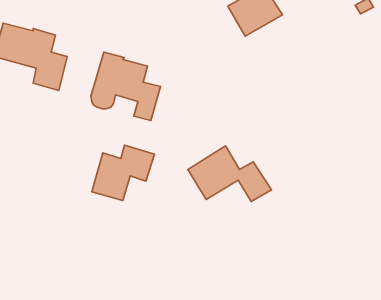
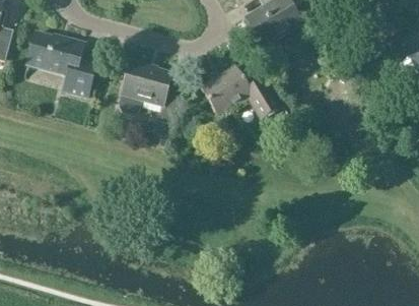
building: [92,145,155,200] -> none
building: [188,146,271,202] -> [201,64,280,117]

